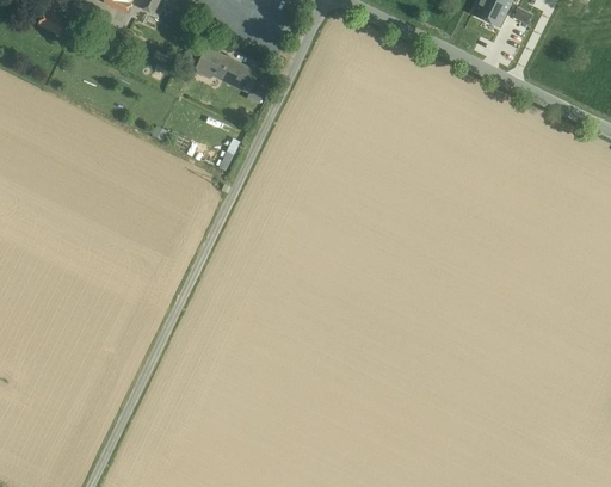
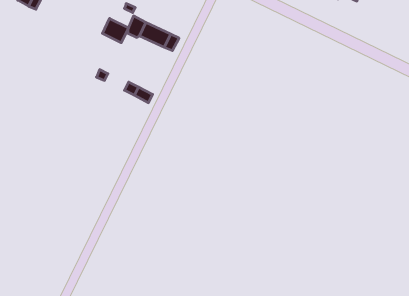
building: none -> [102,18,128,43]

